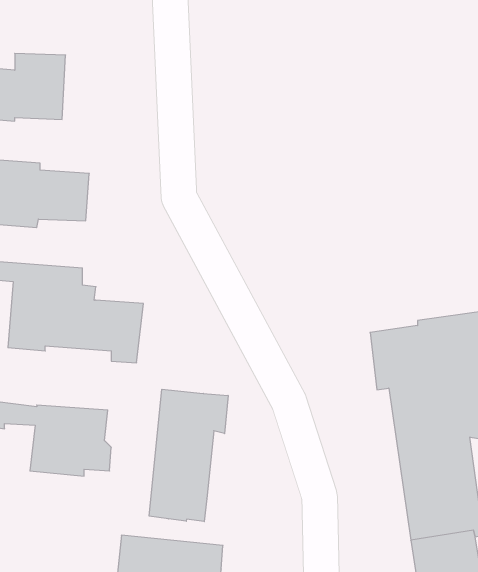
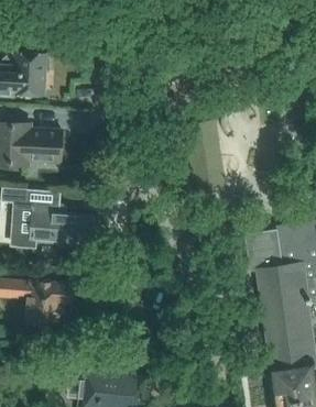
building: none -> [187,123,222,190]
building: [149,389,228,522] -> none

